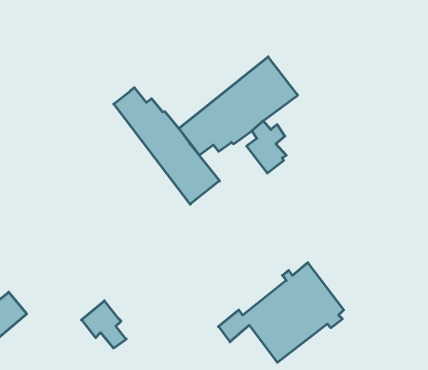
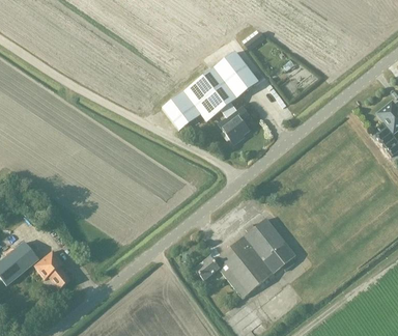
building: [114,88,220,204] -> none
building: [81,301,126,348] -> [34,249,70,287]

